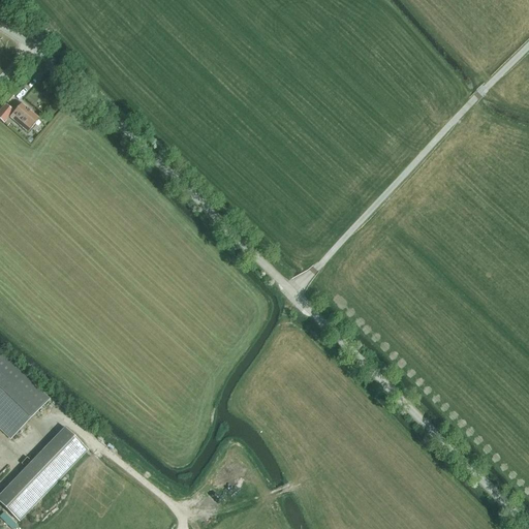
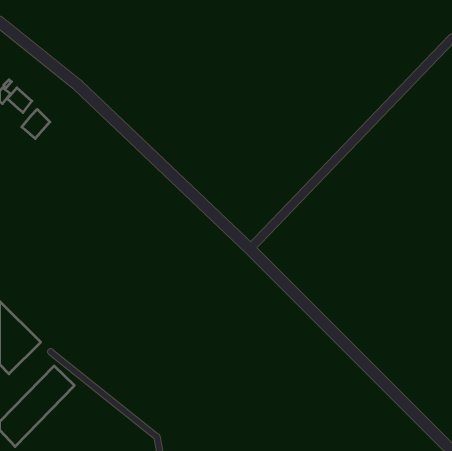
building: none -> [22,109,50,139]

